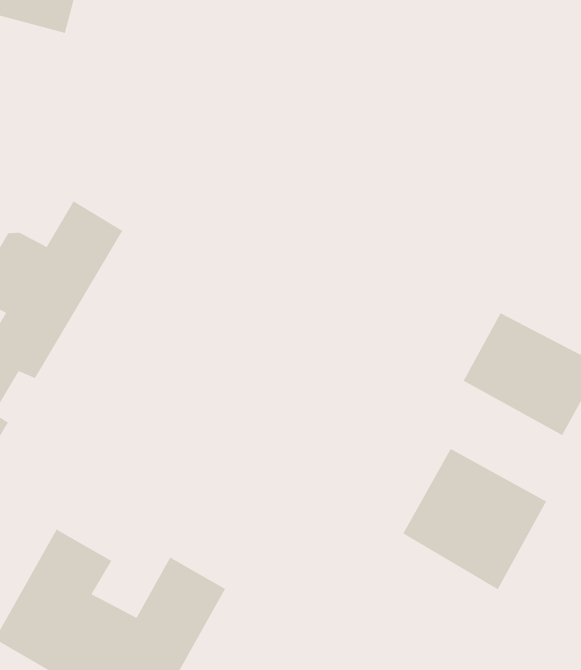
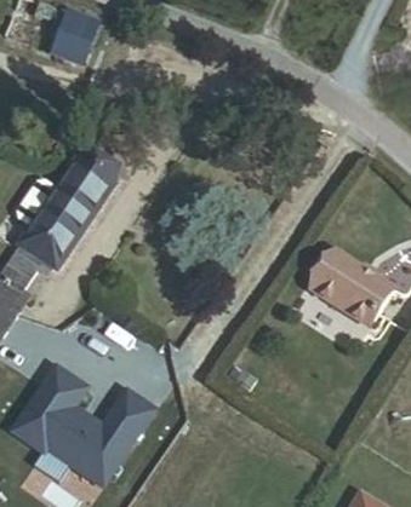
building: [403,448,547,590] -> none

